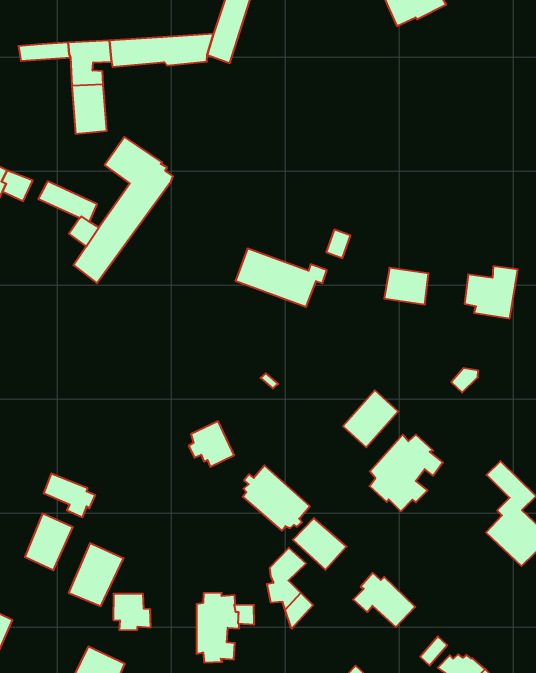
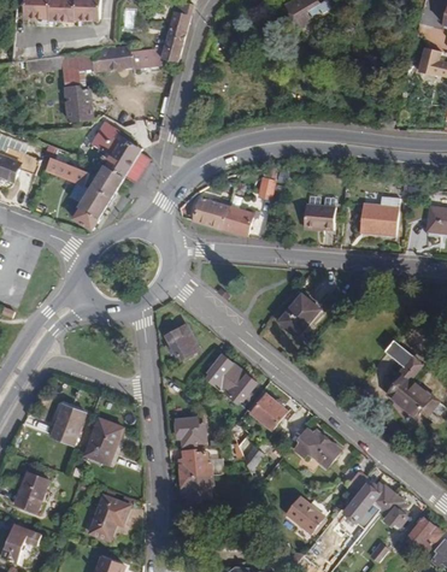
building: [369,435,443,511] -> none
building: [44,473,95,517] -> none
building: [113,594,151,630] -> [176,417,205,444]

